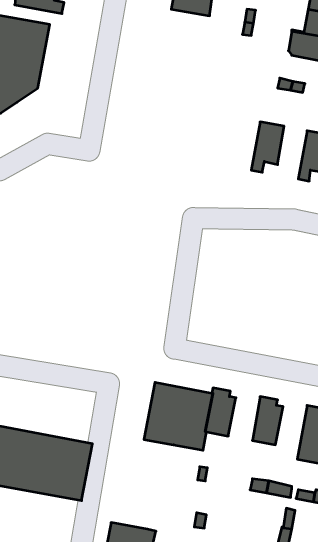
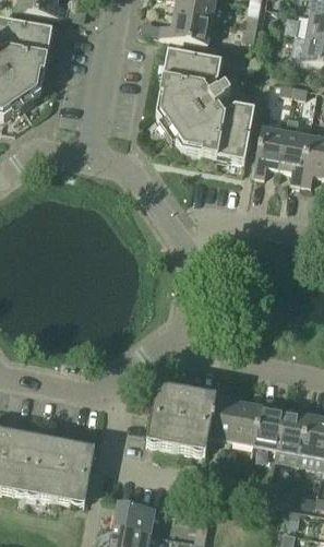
building: none -> [159,13,212,44]
building: none -> [156,49,254,162]
building: none -> [279,116,309,182]
building: none -> [230,396,262,443]
building: none -> [275,405,309,462]
building: none -> [113,501,154,532]

